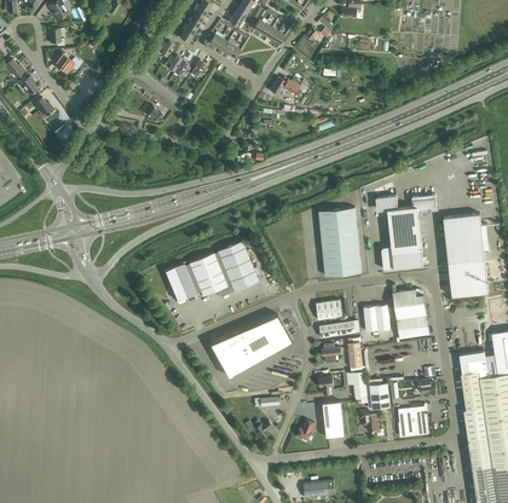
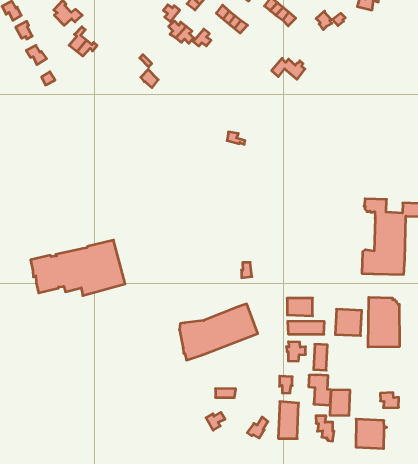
building: [318,207,360,276] -> none
building: [164,241,258,301] -> [31,240,125,296]

